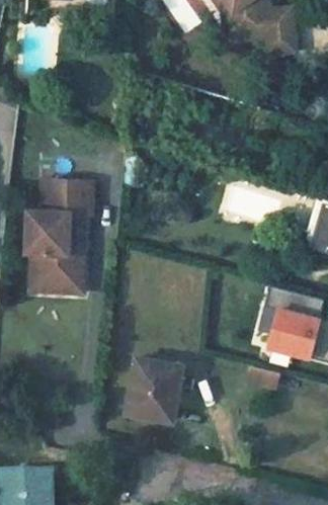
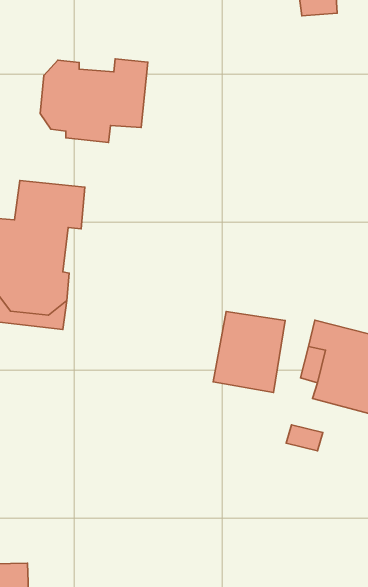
building: none -> [40,59,148,142]
building: [124,358,179,421] -> [213,311,285,392]

